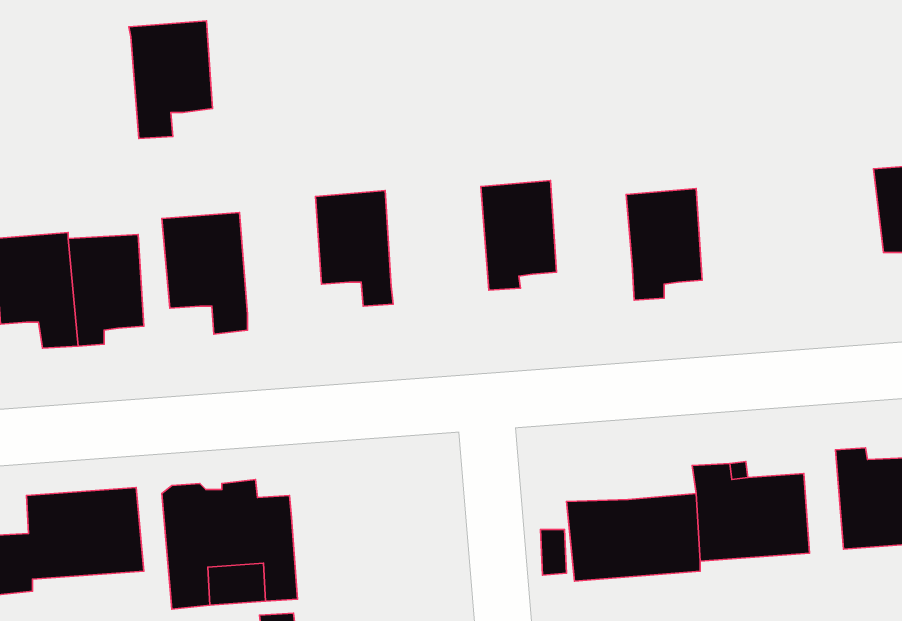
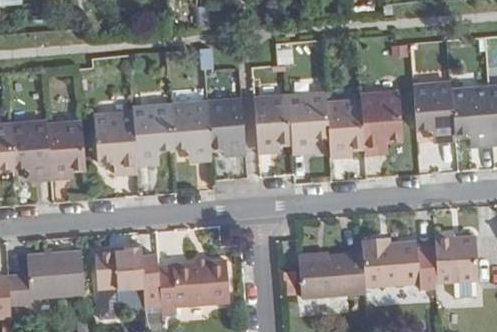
building: [129,21,213,138] -> [133,105,175,164]
building: none -> [415,83,457,141]
building: none -> [363,92,404,154]
building: none -> [290,95,331,152]
building: none -> [207,100,247,155]
building: none -> [160,259,231,313]

